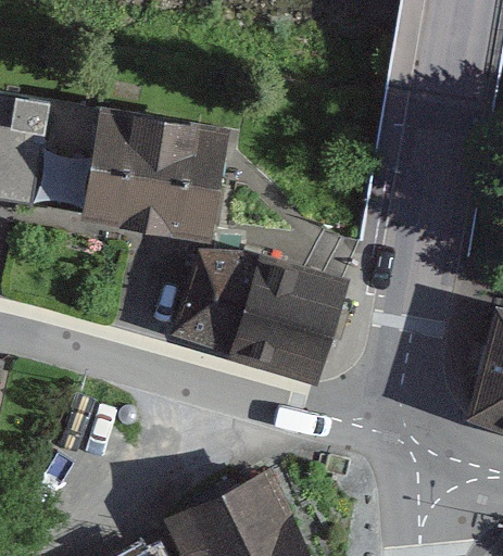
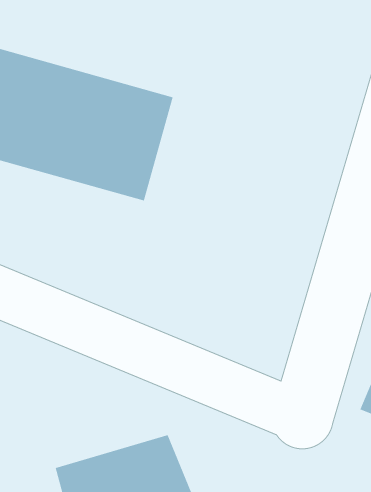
building: [185,256,344,378] -> none

